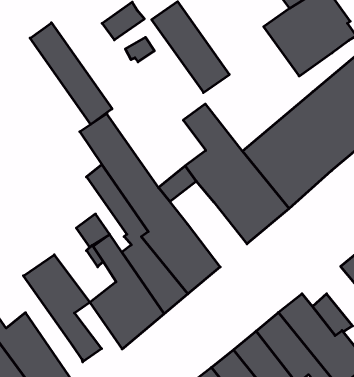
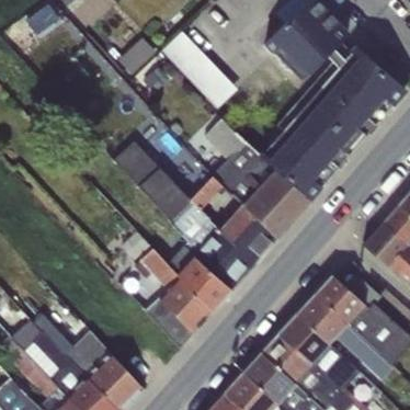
building: [30,23,112,124] -> none
building: none -> [221,204,277,261]
building: [23,255,102,362] -> none

